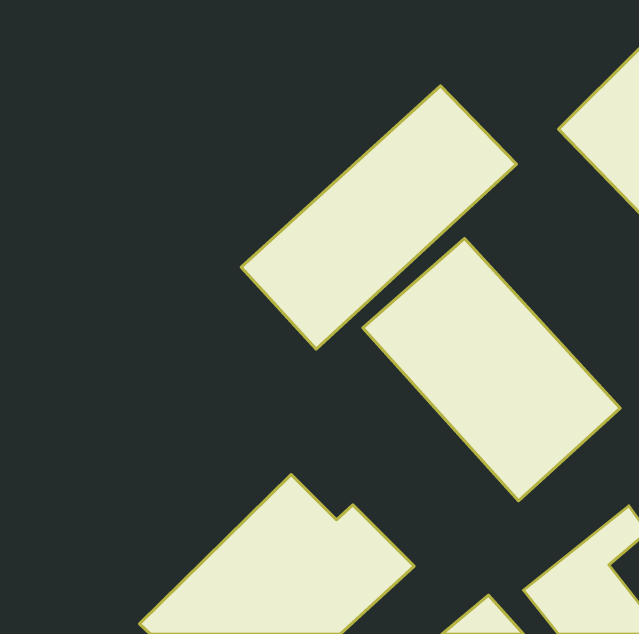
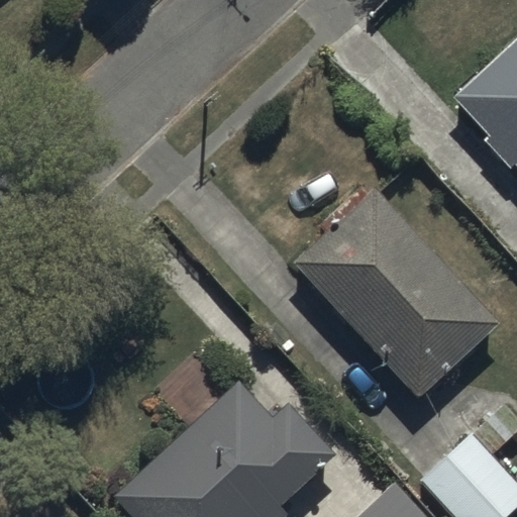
building: [241,86,517,349] -> none

